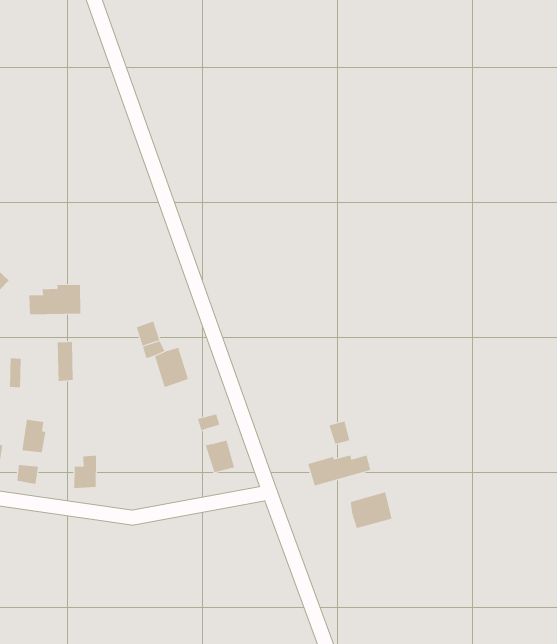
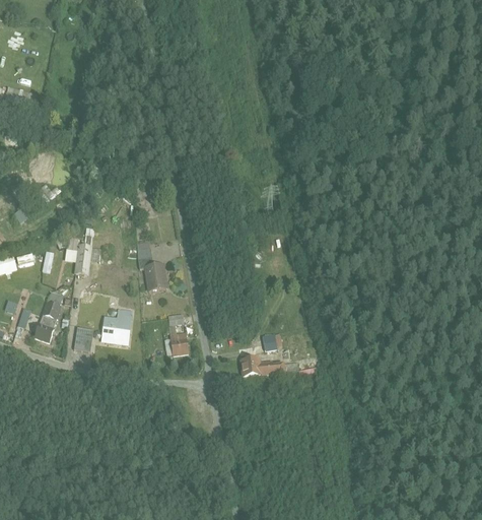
building: [29,284,81,315] -> none
building: none -> [104,309,130,342]
building: [350,492,392,529] -> none

